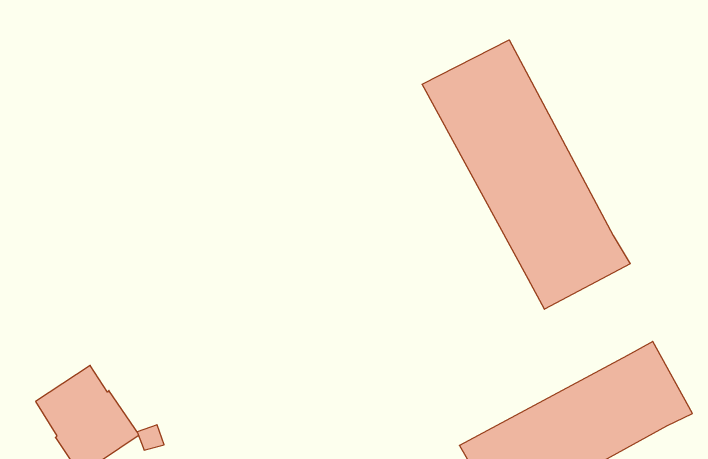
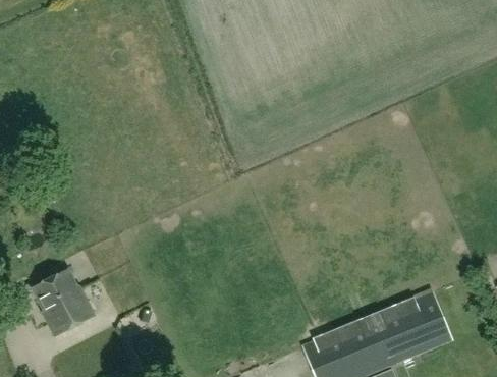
building: [422,40,630,309] -> none

